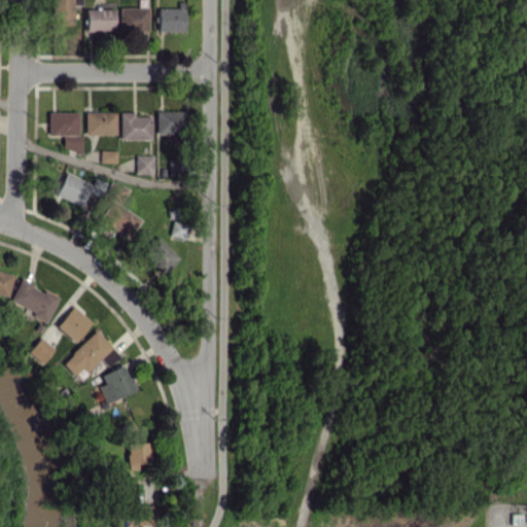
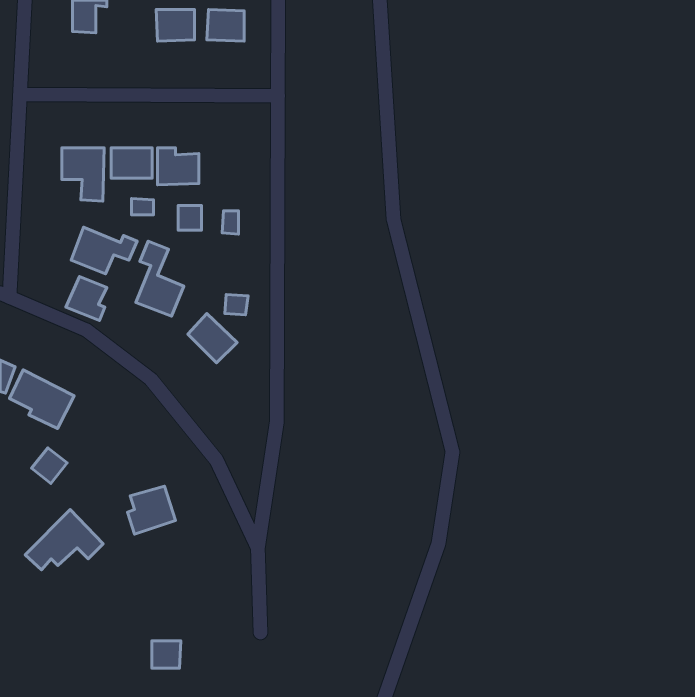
building: [89,10,117,32] -> none
building: [159,112,190,136] -> none
building: none -> [66,277,107,320]
building: [57,308,94,344] -> none
building: [63,331,121,377] -> [25,509,103,570]
building: [130,445,151,465] -> [152,641,181,668]

